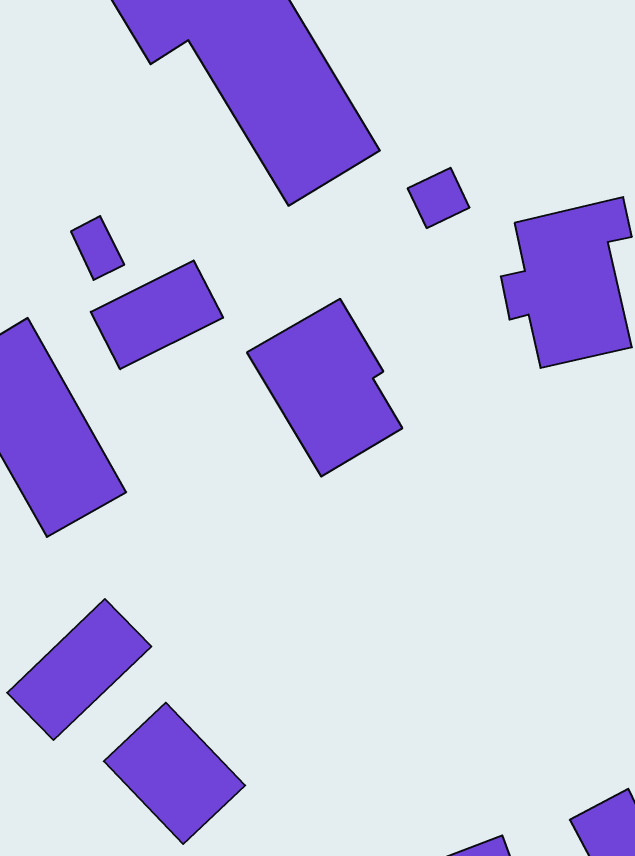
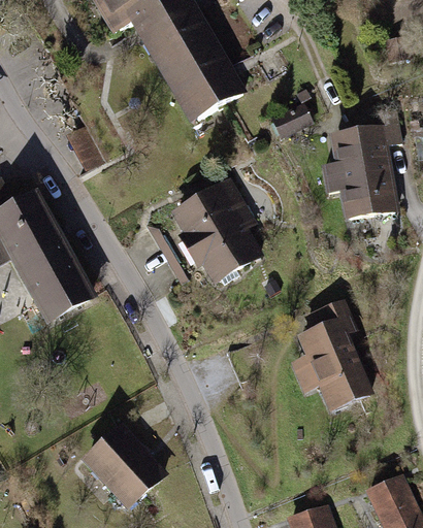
building: [91,260,223,369] -> none
building: none -> [289,298,370,415]
building: [7,599,151,740] -> none

